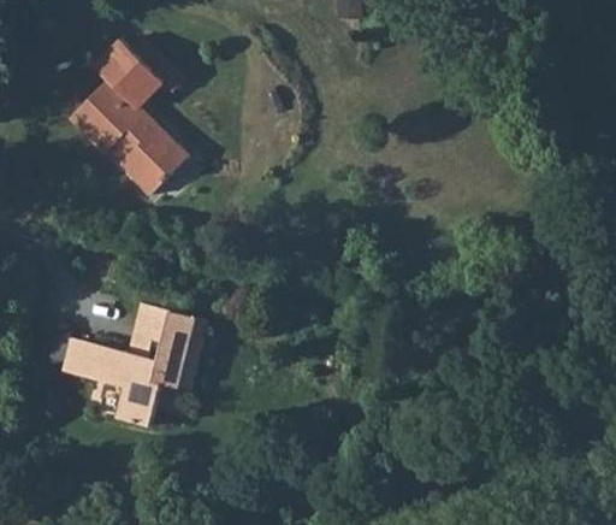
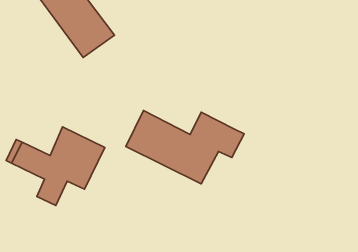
building: none -> [126,110,244,184]

